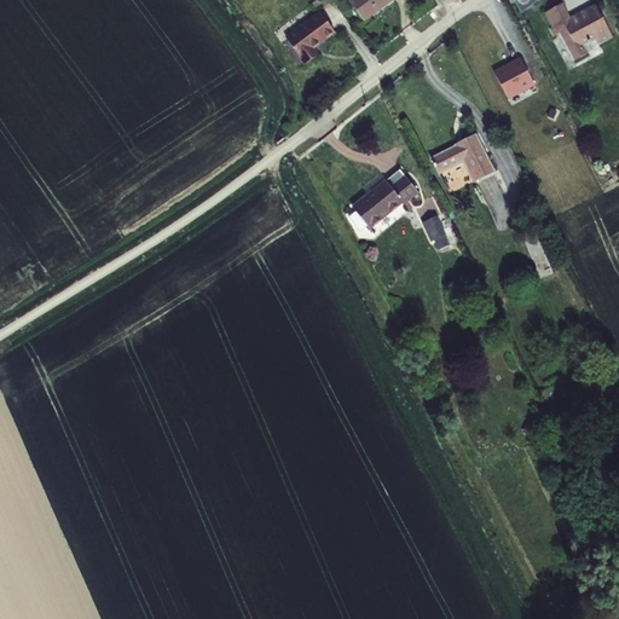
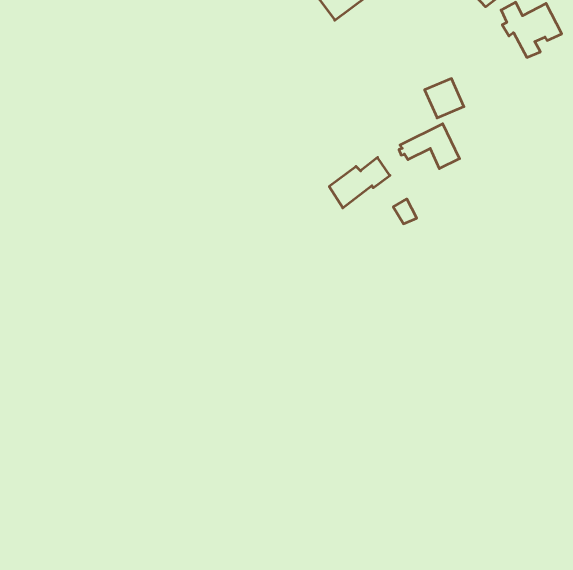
building: [287,17,336,69] -> none
building: [493,52,536,94] -> [425,79,464,118]

